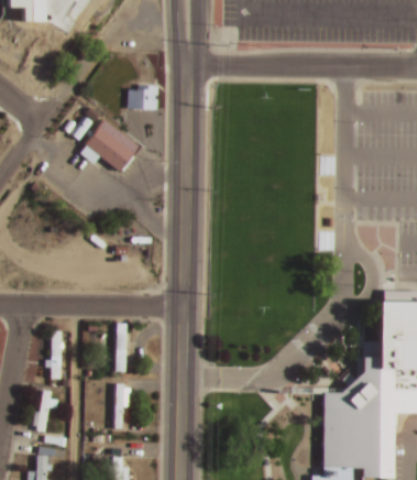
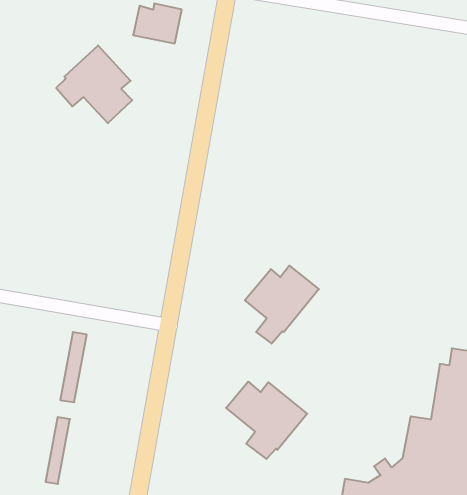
building: none -> [245,266,319,344]
building: none -> [226,382,307,459]

